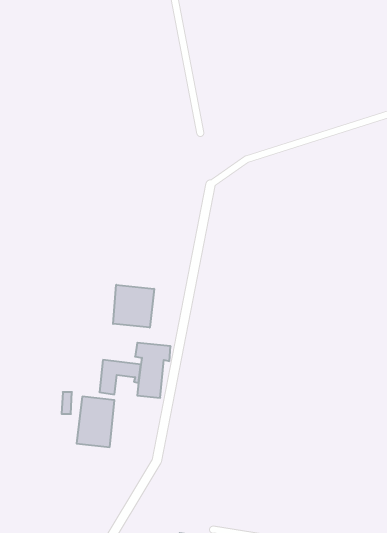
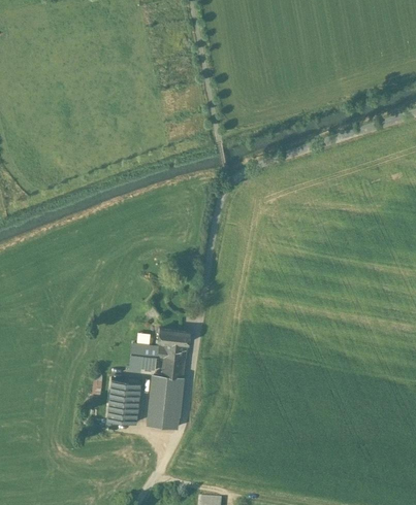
building: [113,285,154,328] -> none
building: none -> [149,376,182,428]

